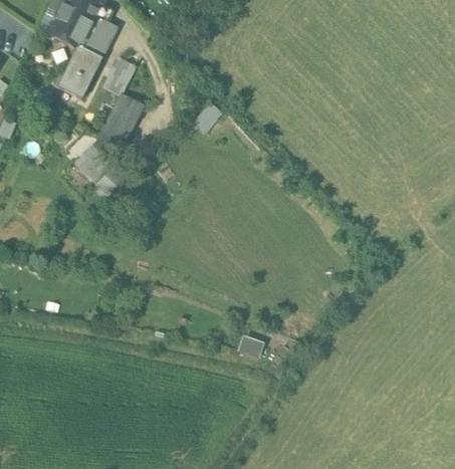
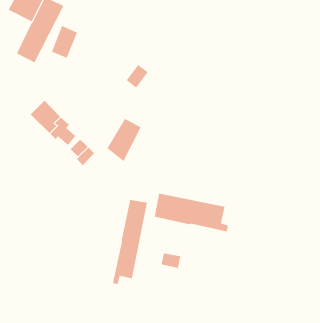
building: [108,92,152,147] -> [107,118,142,162]
building: none -> [154,193,229,232]
building: none -> [113,199,148,285]

